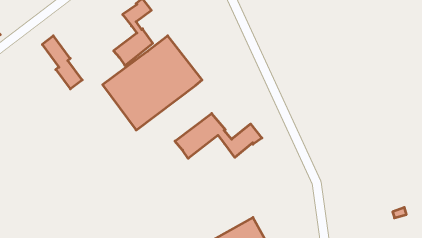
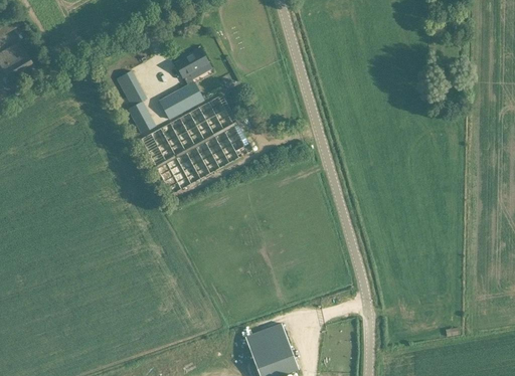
building: [42,36,82,89] -> [117,71,156,134]
building: [175,113,262,158] -> none

